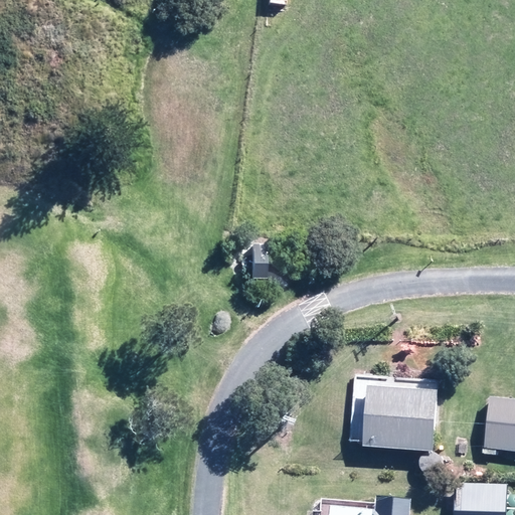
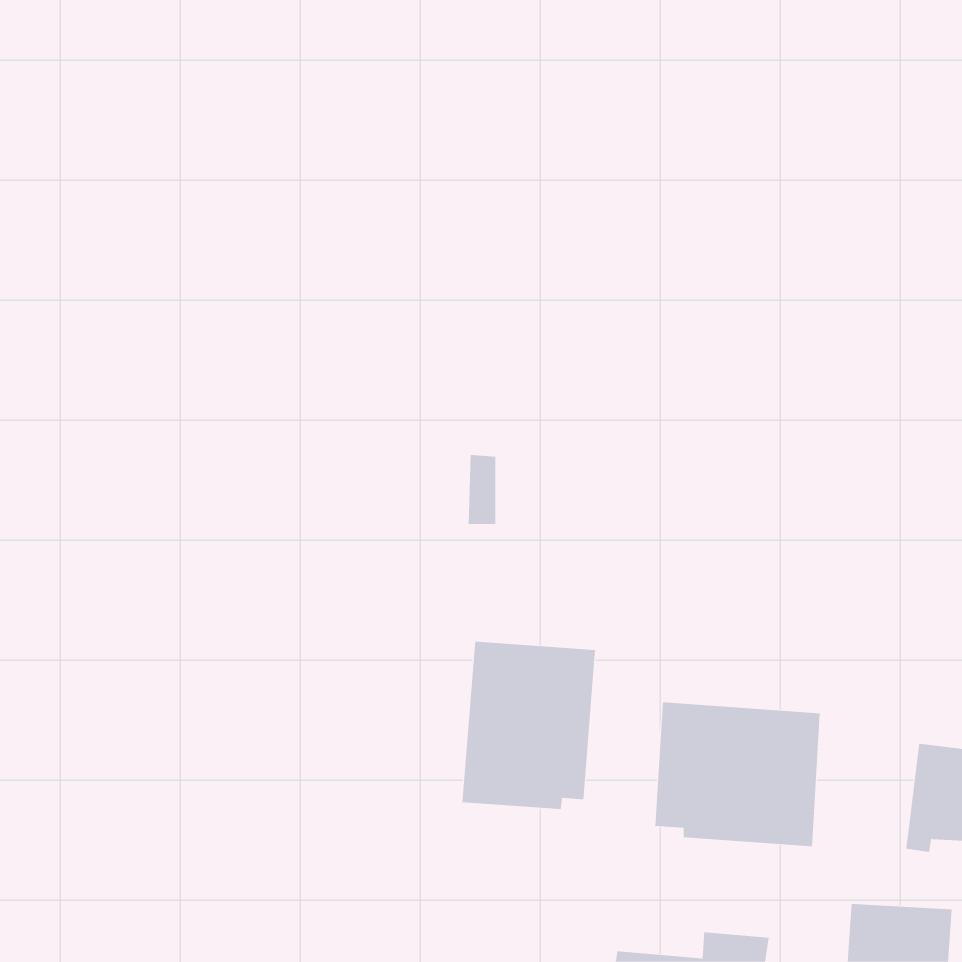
building: none -> [462,641,596,810]

